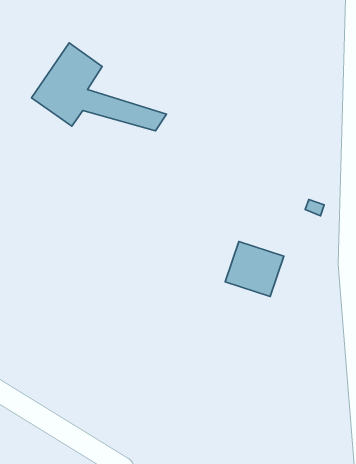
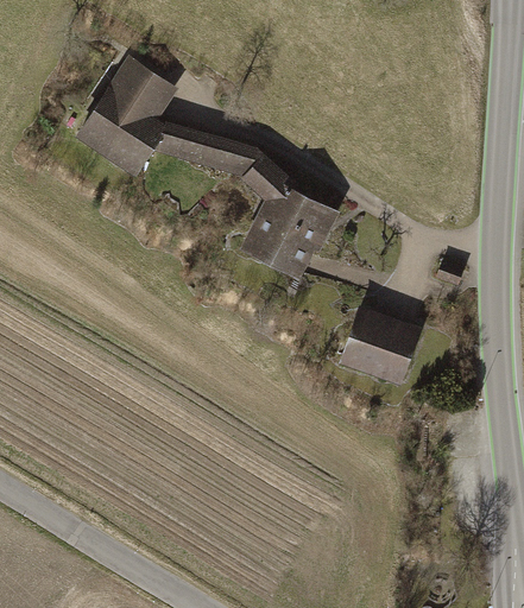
building: none -> [246,152,339,270]

